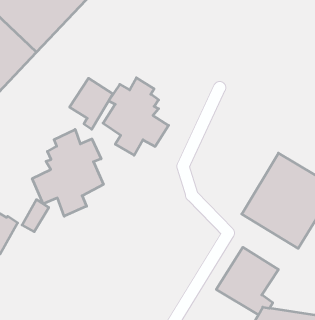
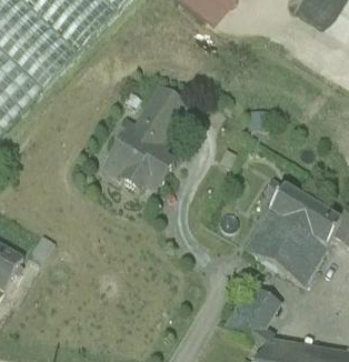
building: [70,78,113,129] -> [141,83,185,134]
building: [32,129,103,216] -> none

